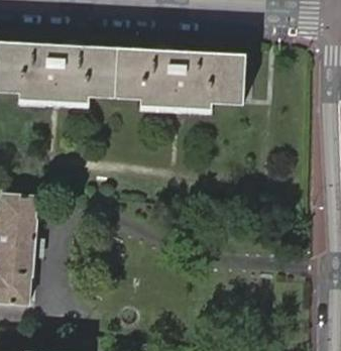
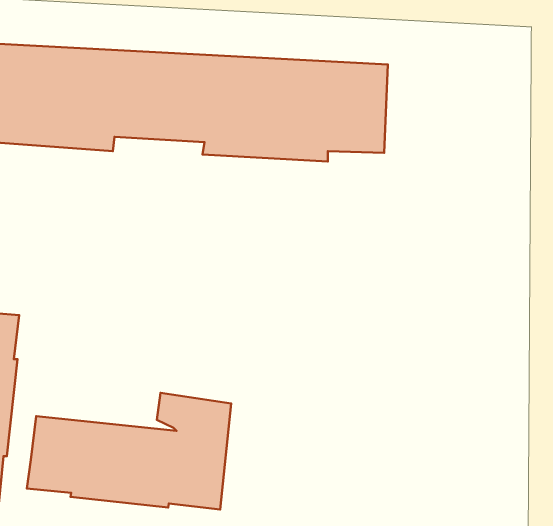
building: none -> [27,393,231,509]

